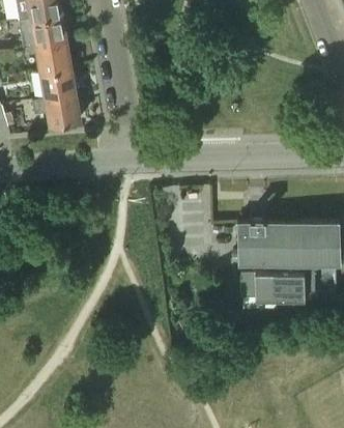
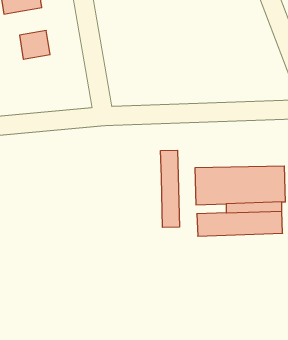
building: [36,44,71,75] -> none
building: [33,96,81,129] -> none
building: none -> [161,150,179,227]

